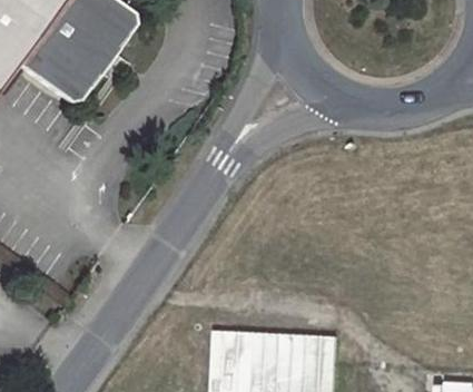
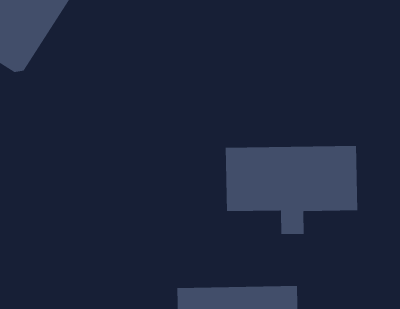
building: none -> [225,145,358,235]

